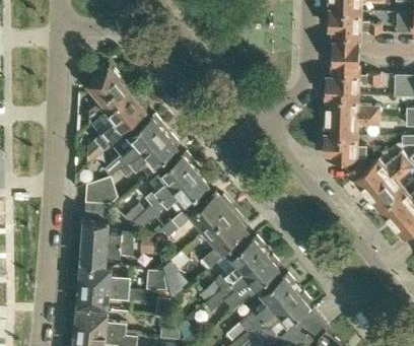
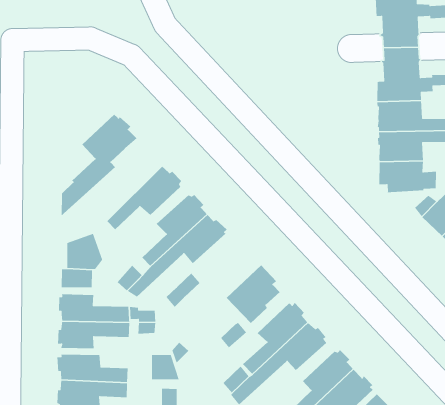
building: [89,65,131,126] -> none
building: [106,116,164,177] -> none
building: [187,192,233,231] -> none

